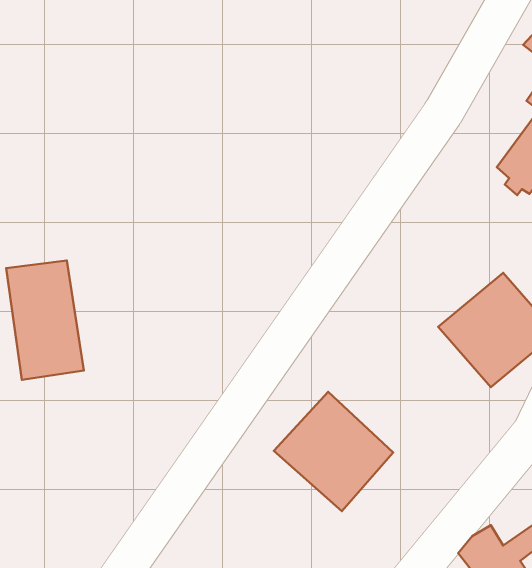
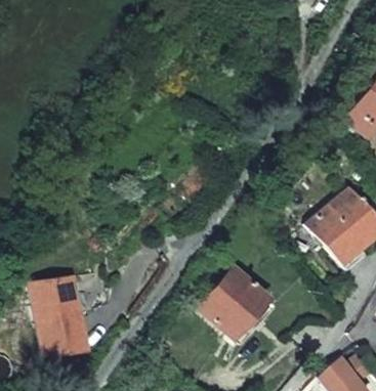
building: [6,261,84,380] -> [35,278,86,357]

